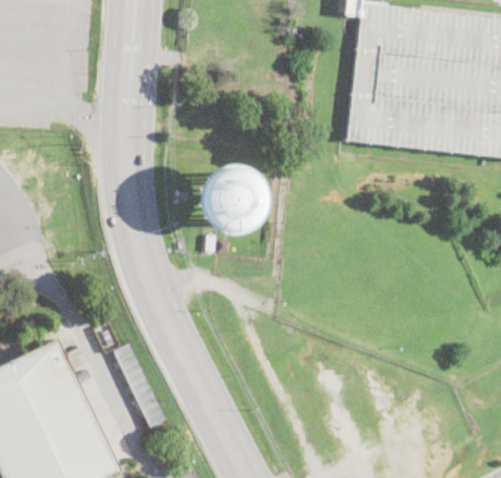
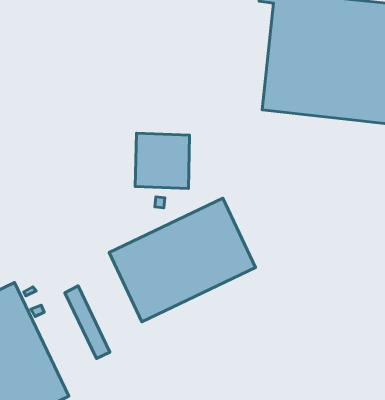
building: none -> [109,198,256,322]

